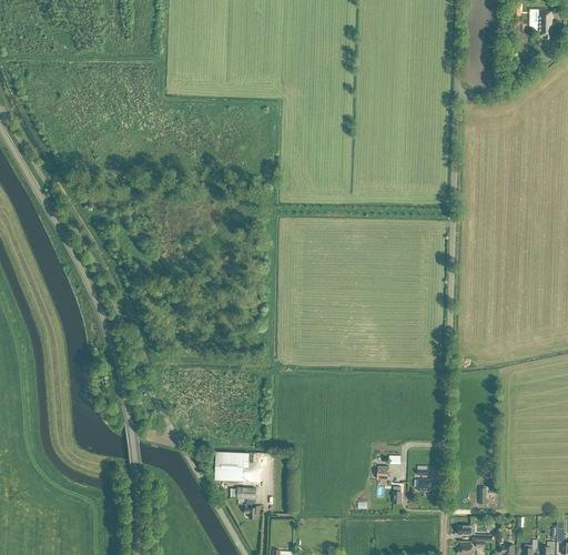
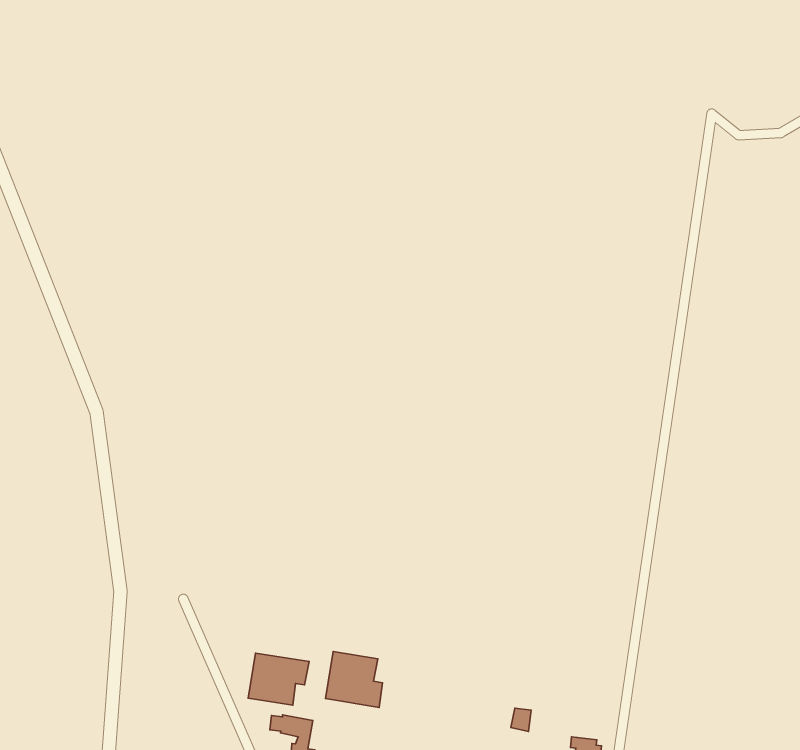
building: none -> [326,651,382,708]

